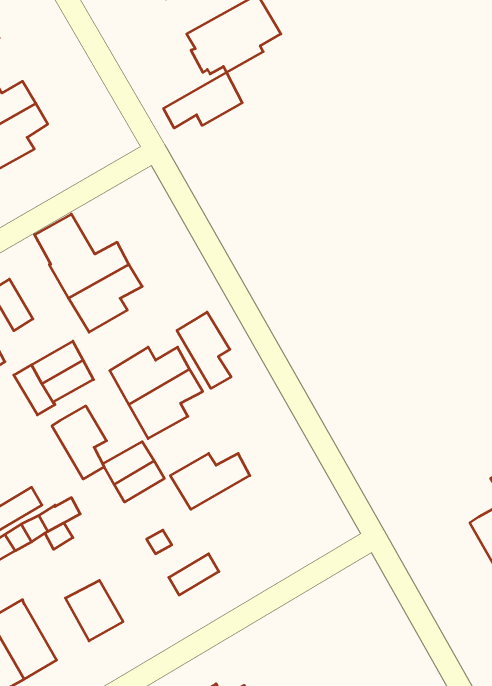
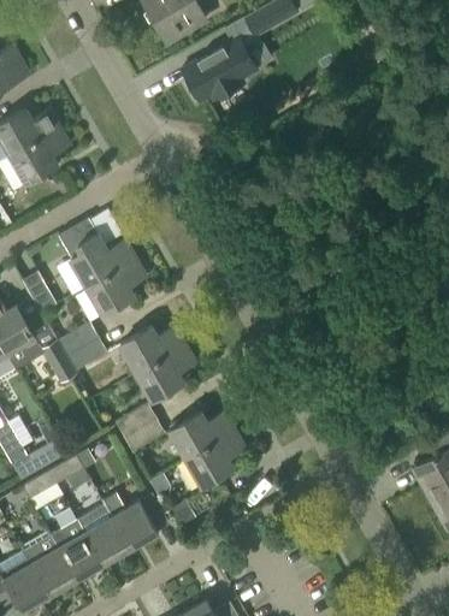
building: [164,72,242,128] -> none
building: [177,312,231,388] -> none
building: [52,406,107,479] -> none
building: none -> [185,431,244,486]
building: none -> [102,493,158,550]
building: none -> [49,520,102,581]

